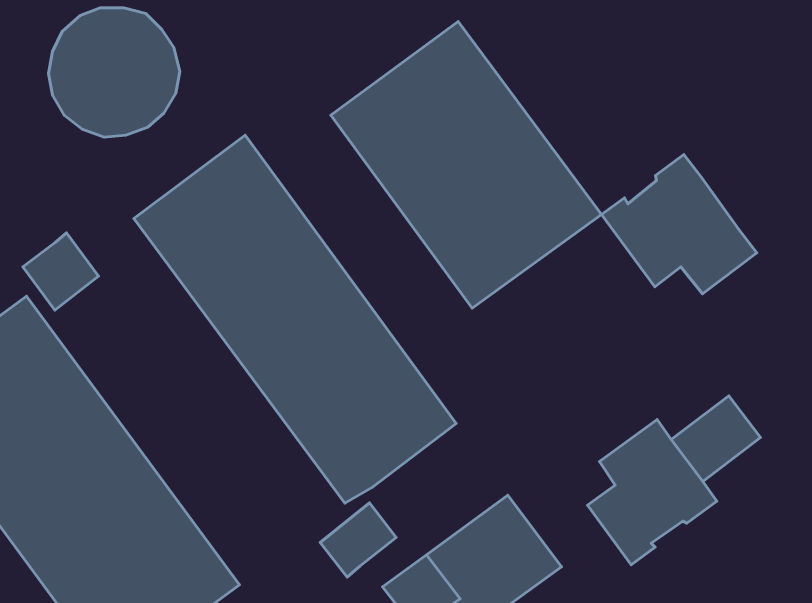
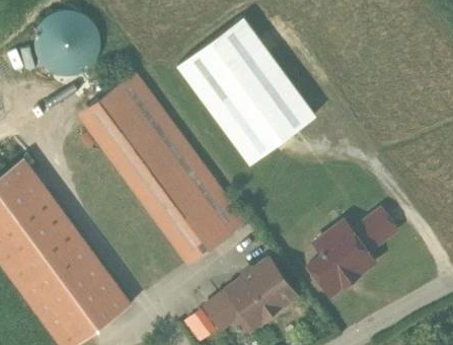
building: [601,154,757,294] -> none
building: [23,233,98,310] -> none
building: [320,503,396,577] -> none

